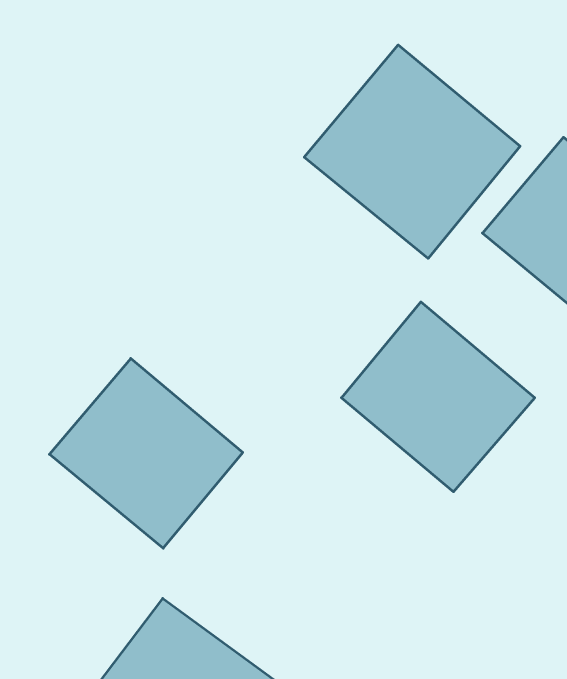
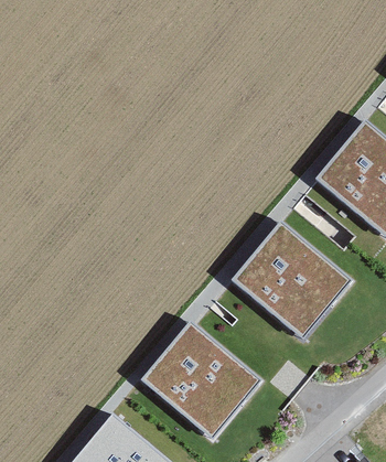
building: [304,45,520,258] -> none
building: [49,358,243,548] -> [140,322,258,438]

